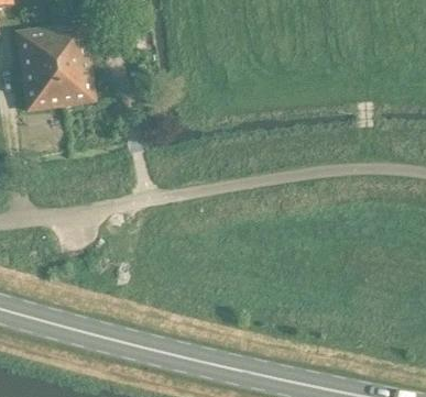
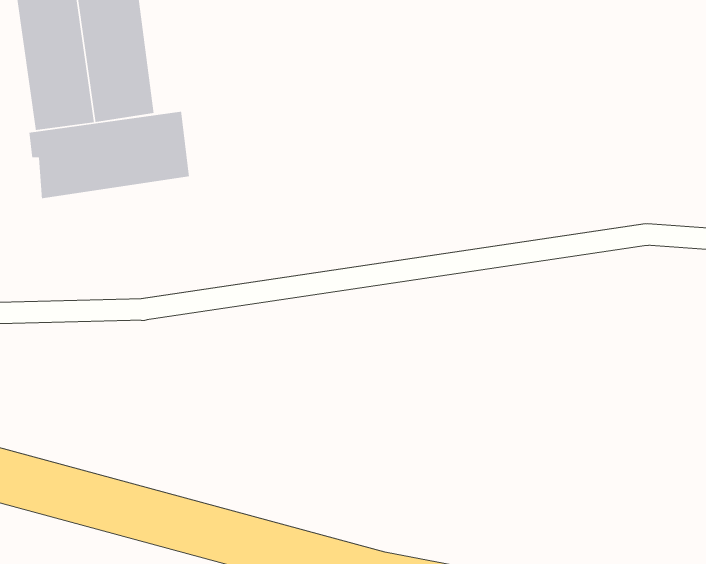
building: none -> [28,111,190,199]

